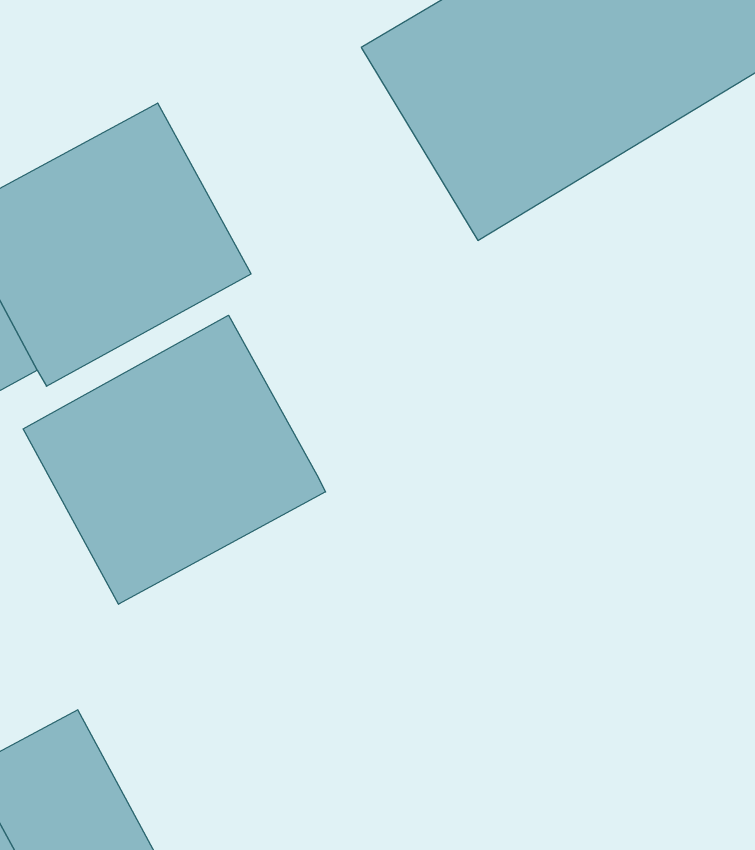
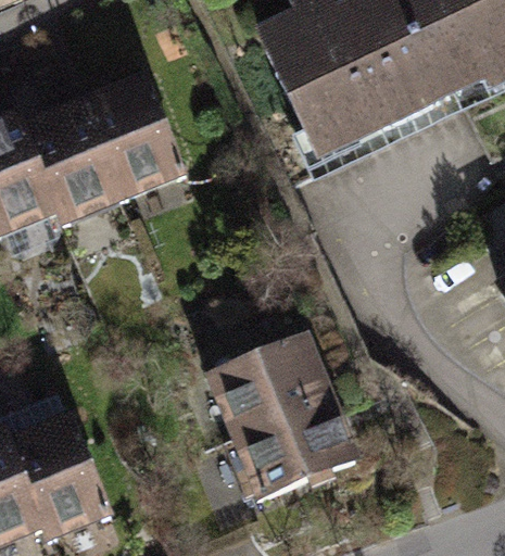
building: [23,315,326,604] -> none
building: none -> [195,332,342,501]

